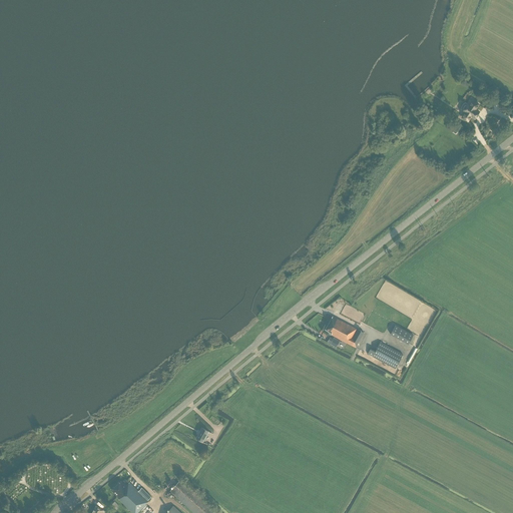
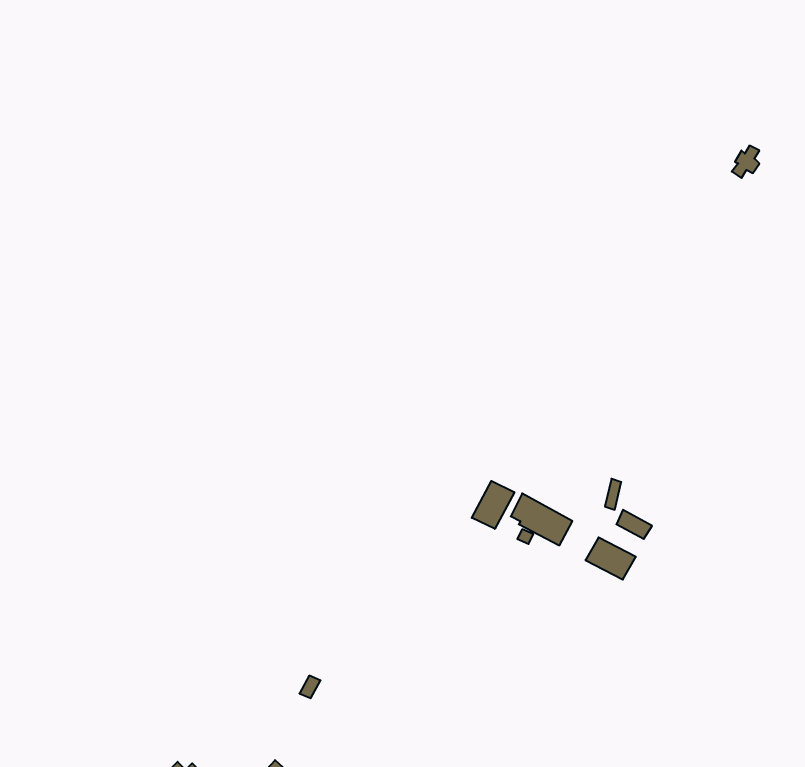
building: none -> [472,481,514,529]

